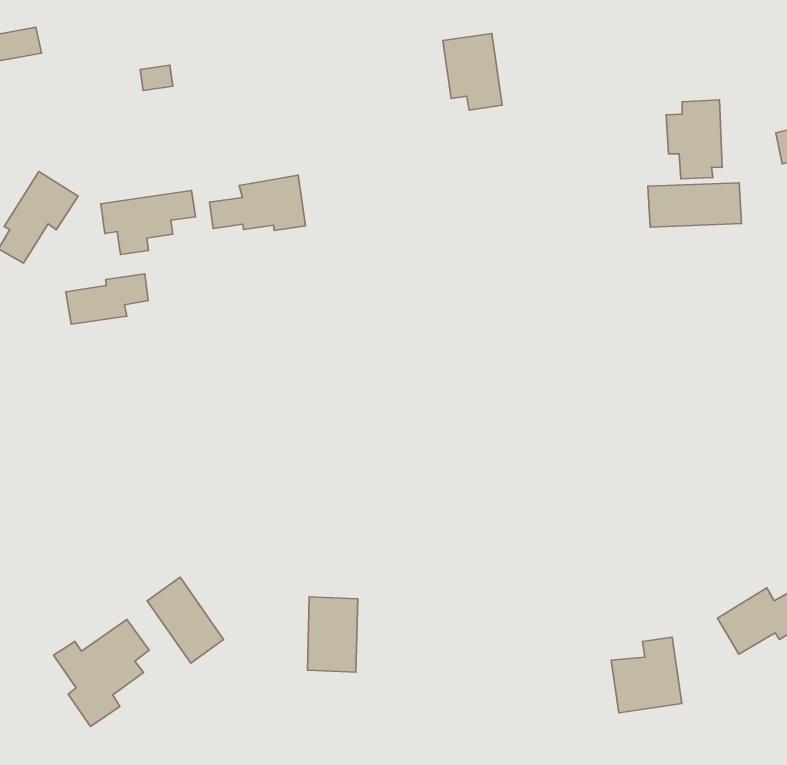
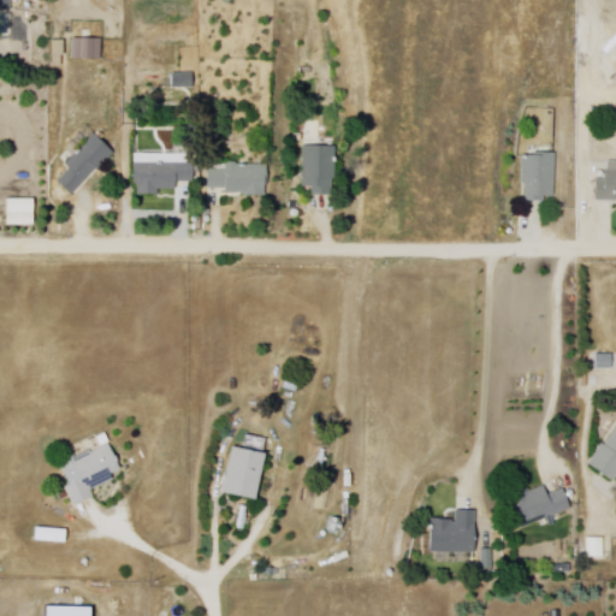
building: [443,34,502,110] -> [301,144,334,194]
building: [648,183,741,227] -> none
building: [66,274,148,324] -> none
building: [147,577,224,663] -> none

